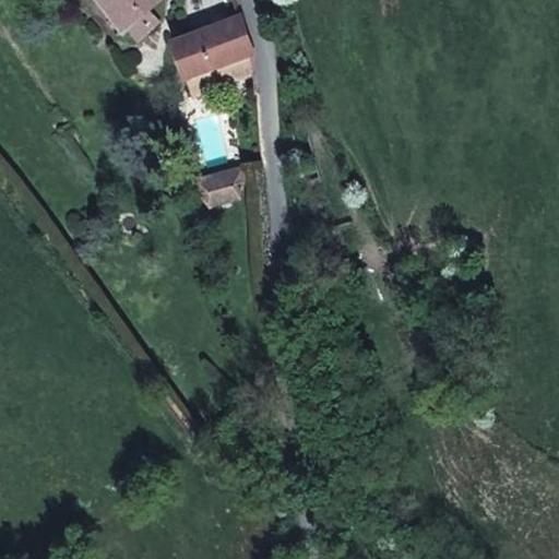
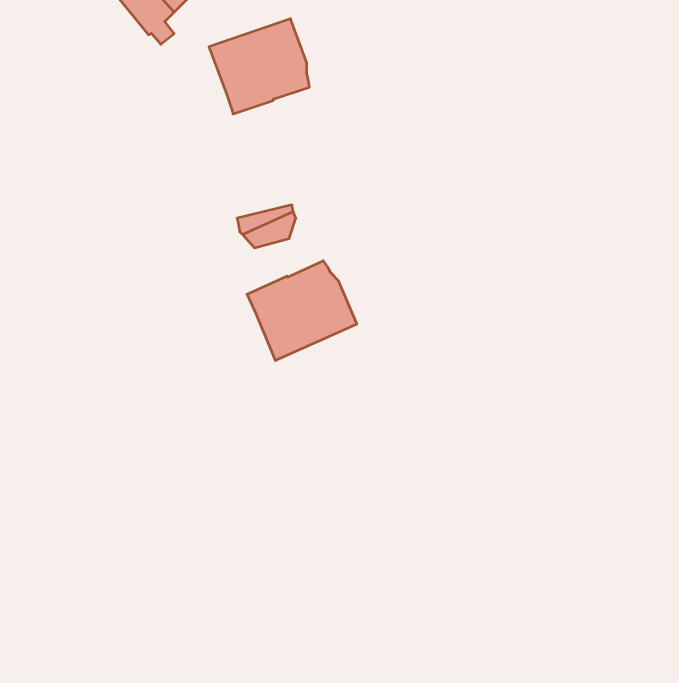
building: none -> [247,261,357,361]

